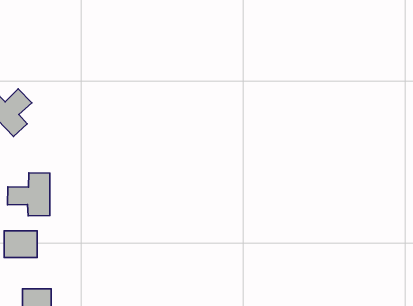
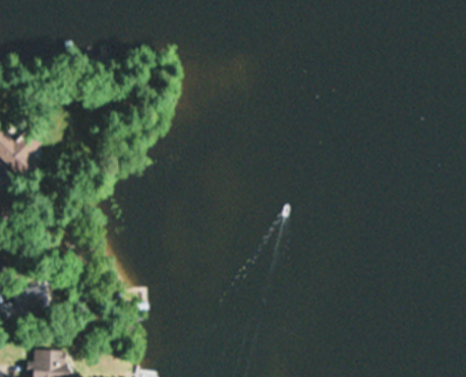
building: [7,173,50,216] -> none

